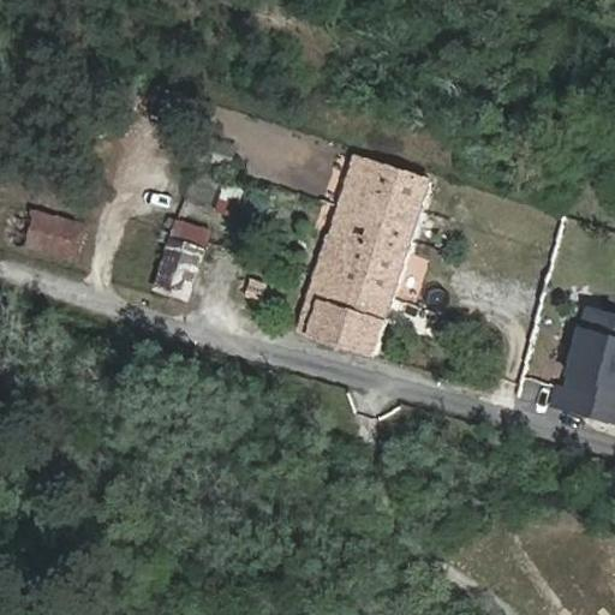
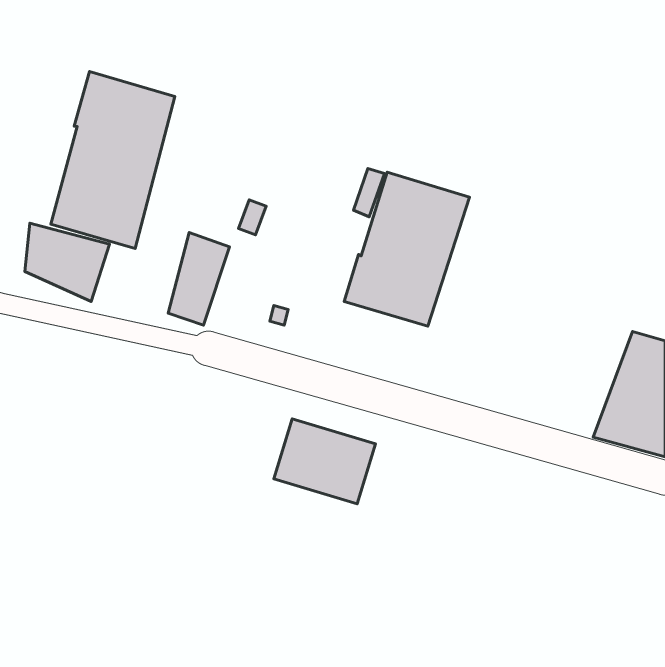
building: none -> [51,71,175,248]
building: [300,277,394,356] -> [274,419,376,504]

